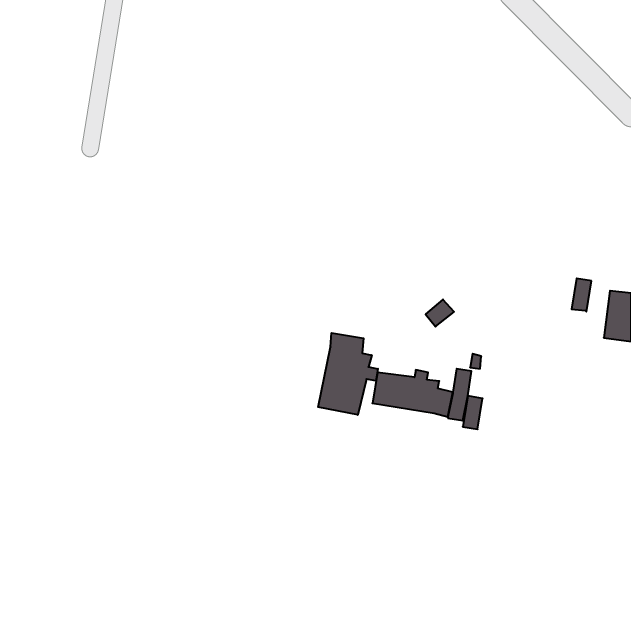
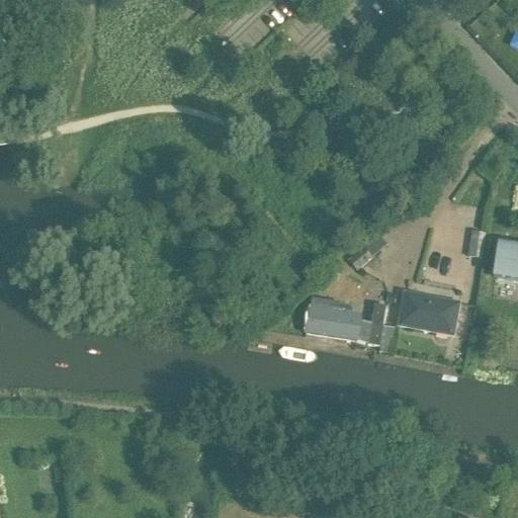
building: [318,333,378,415] -> none
building: none -> [399,291,457,333]

